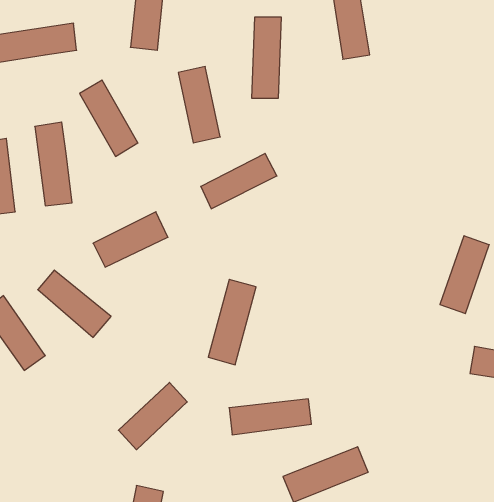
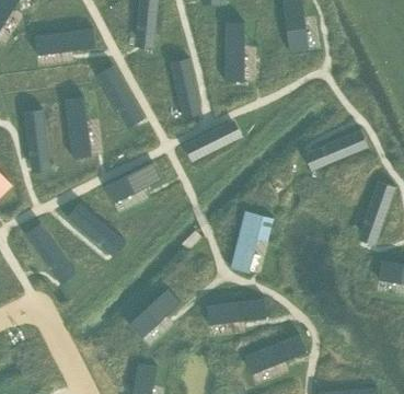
building: none -> [310,131,367,170]
building: [208,279,256,365] -> [232,202,267,265]

